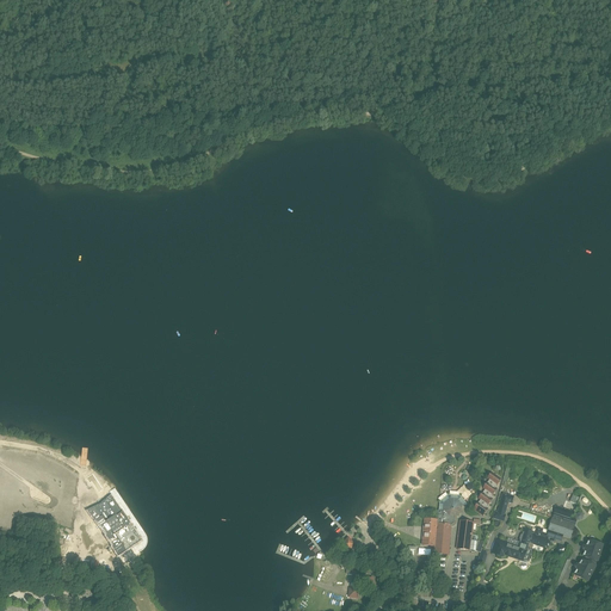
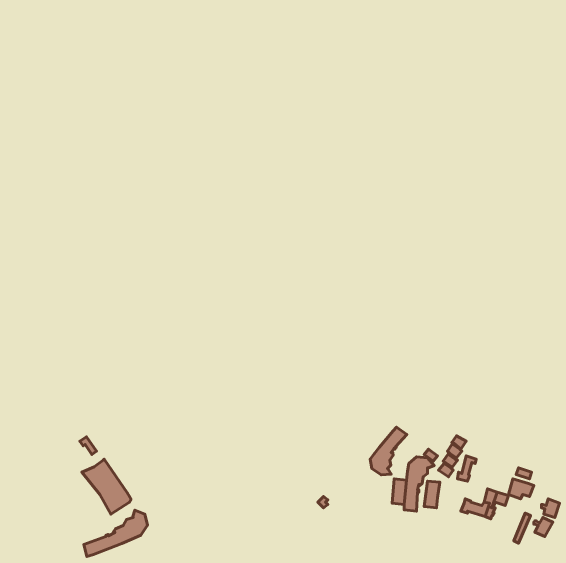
building: none -> [370,427,407,475]
building: none -> [84,510,148,556]

